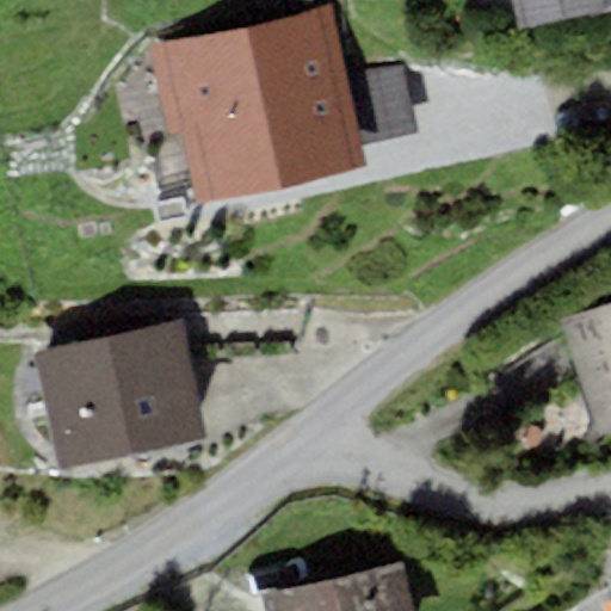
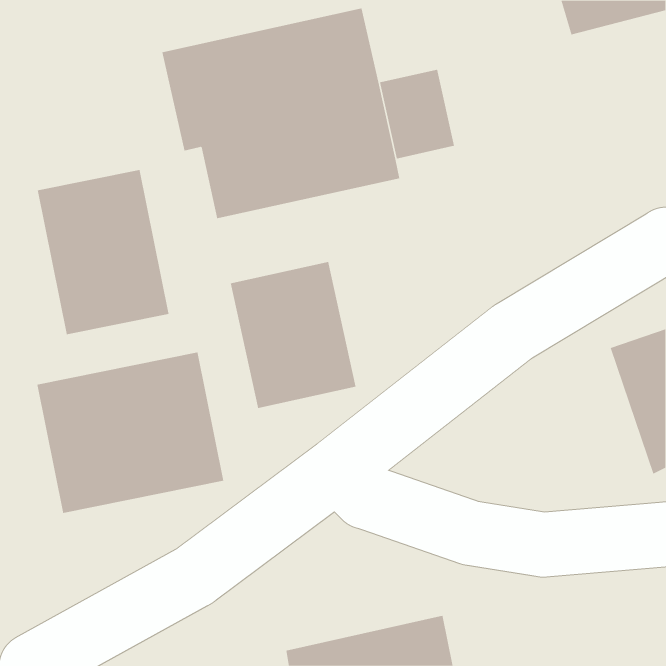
building: none -> [37,169,169,335]
building: none -> [230,261,356,409]

